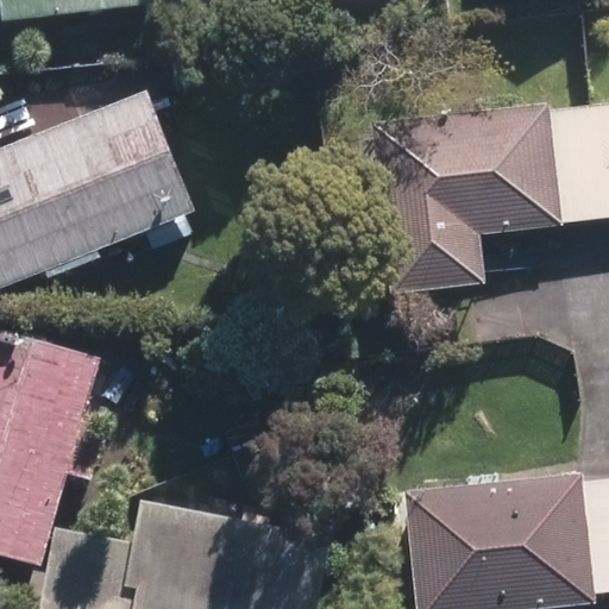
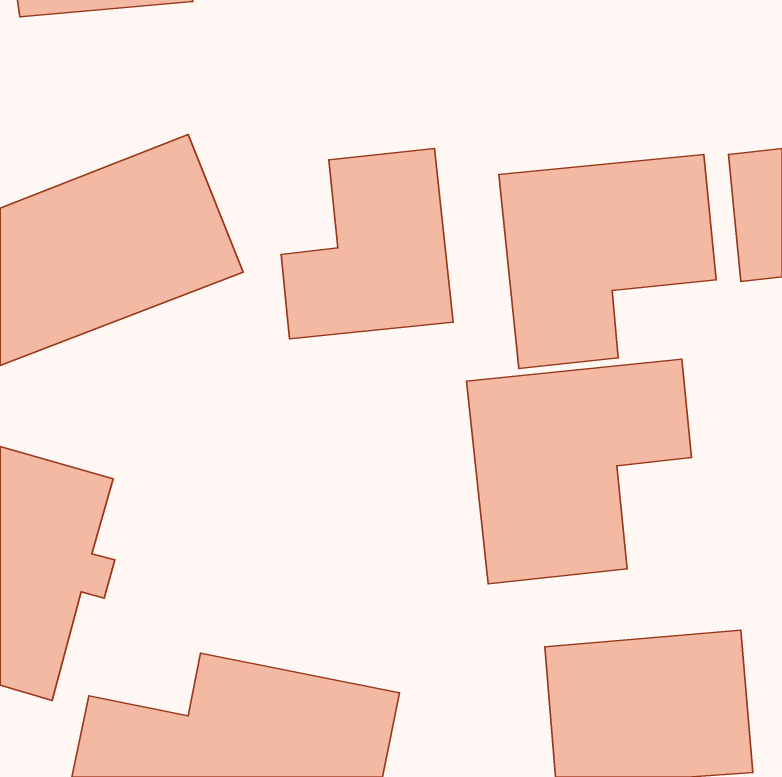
building: none -> [281,148,453,339]
building: none -> [466,359,691,584]

